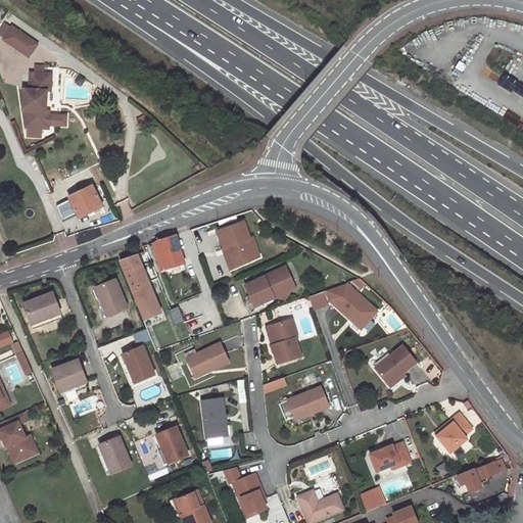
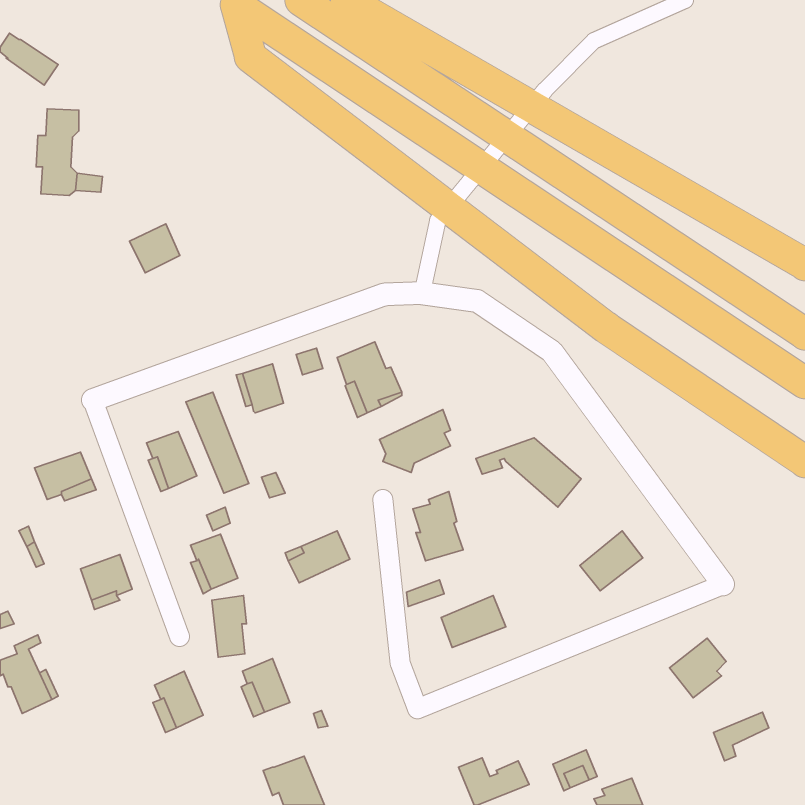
building: [69,186,102,218] -> [129,224,180,273]
building: [201,397,224,437] -> [212,596,246,657]
building: [369,442,410,471] -> none
building: [231,473,268,515] -> none

